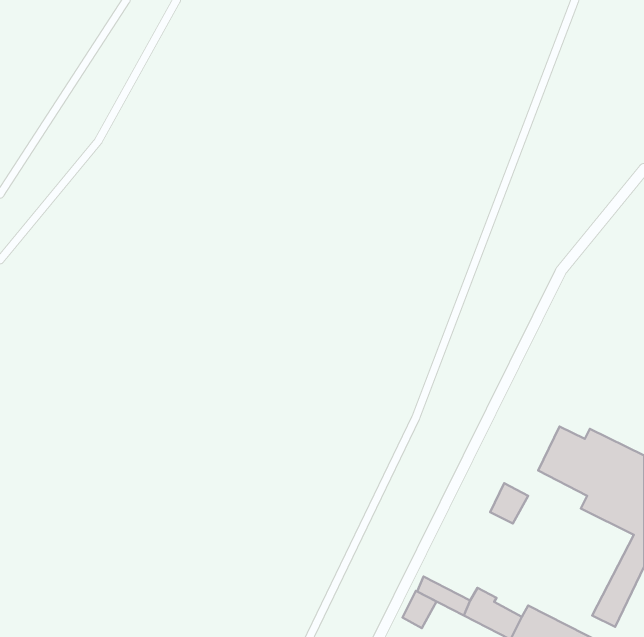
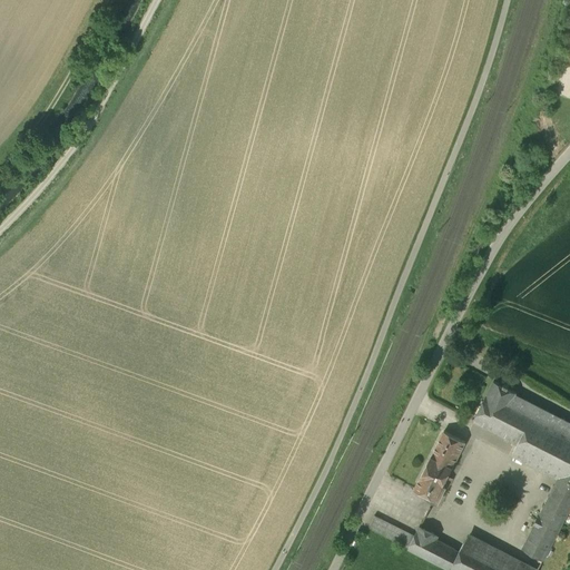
building: none -> [415,458,453,504]
building: [402,591,437,628] -> none

